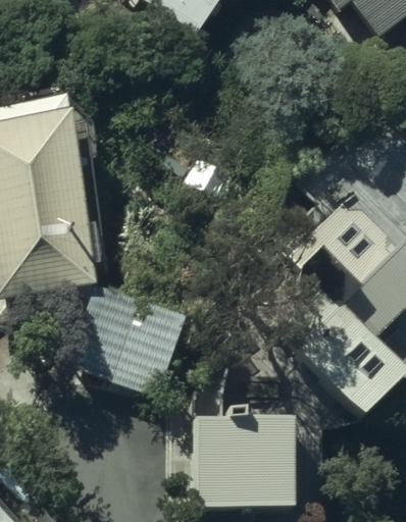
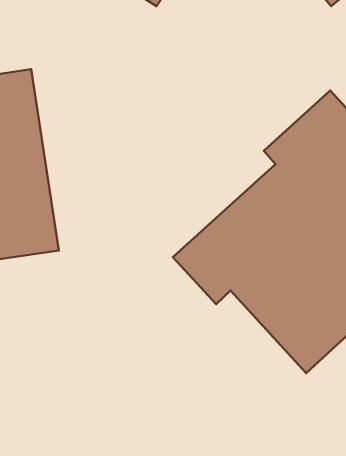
building: [78,295,187,394] -> none
building: [196,409,299,506] -> none

